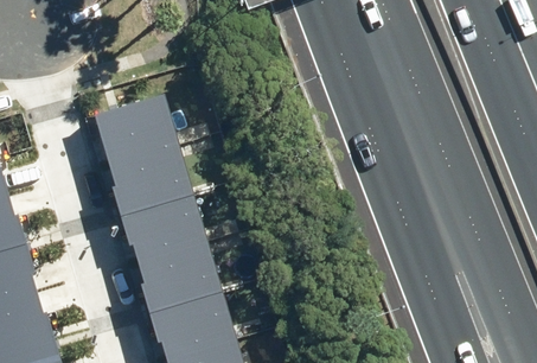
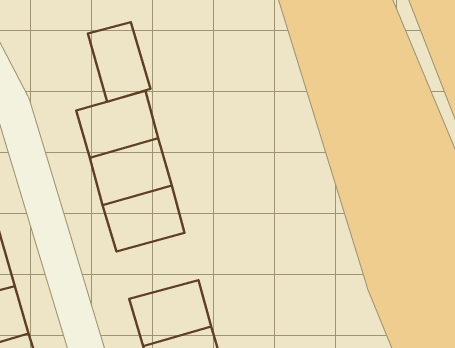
building: none -> [88,22,151,102]
building: [138,242,222,310] -> none

